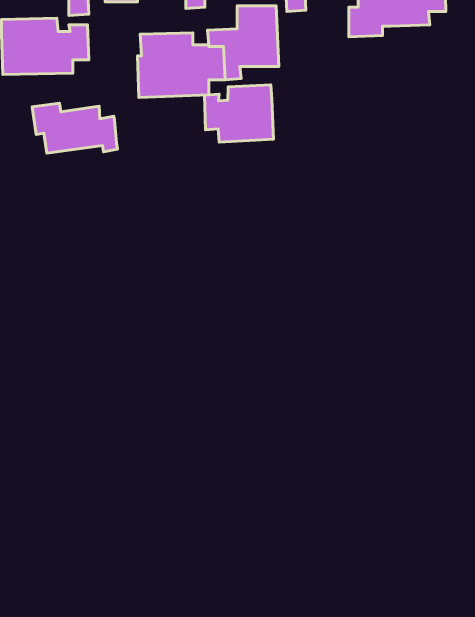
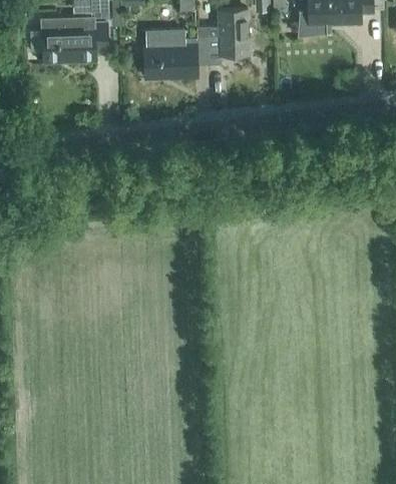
building: [205,85,273,142] -> none
building: [32,103,118,153] -> none

